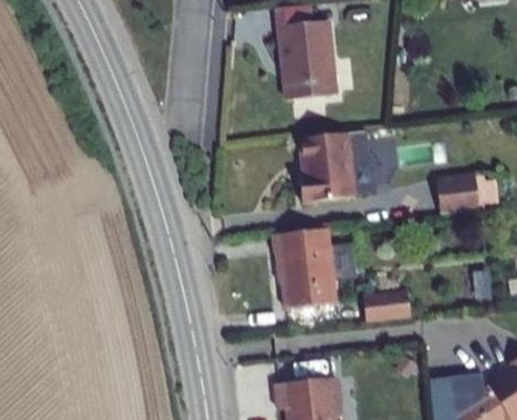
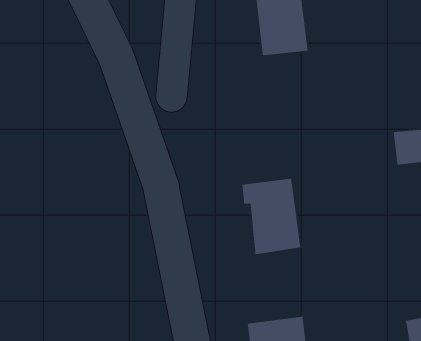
building: [294,131,352,204] -> none
building: [361,295,408,323] -> none

